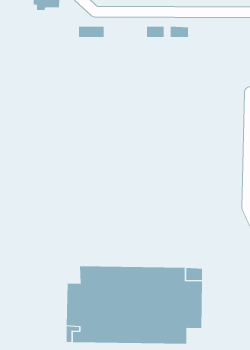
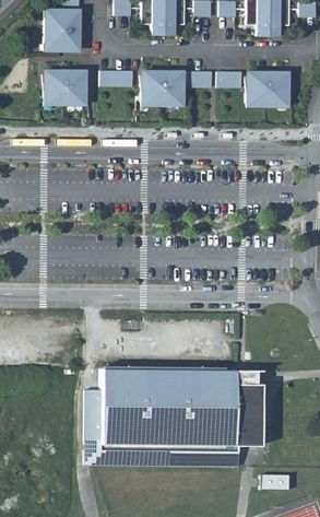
building: none -> [40,71,86,105]
building: none -> [139,71,181,105]
building: none -> [245,71,286,106]

